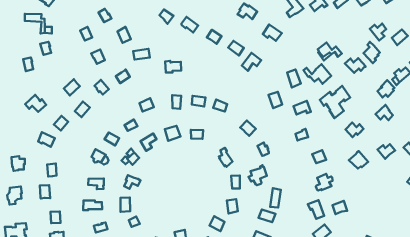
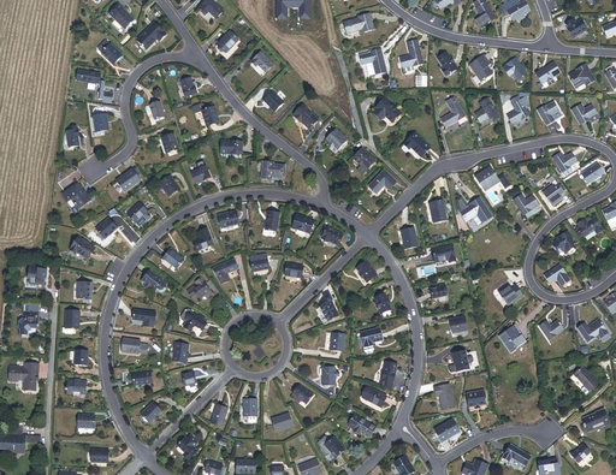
building: [320,86,350,118] -> none

